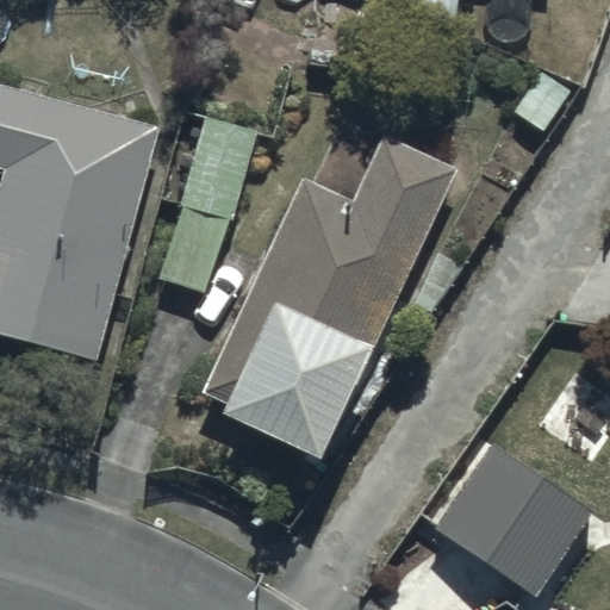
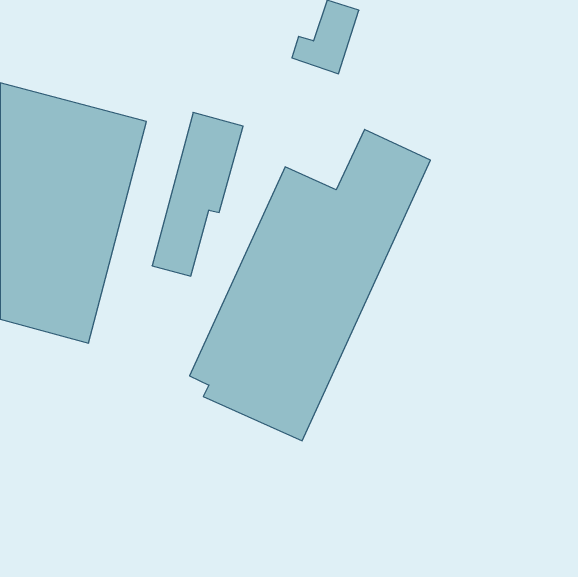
building: [432,440,595,595] -> none

